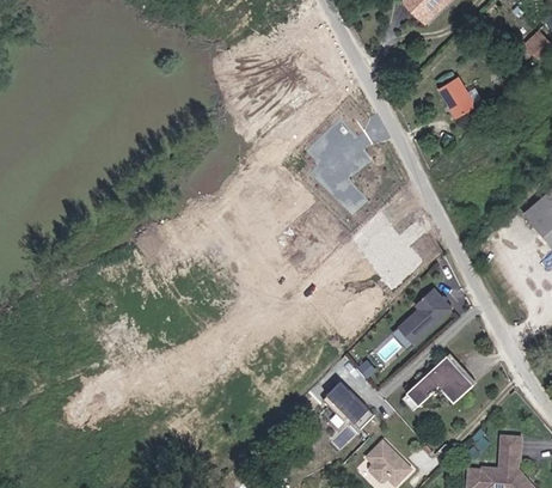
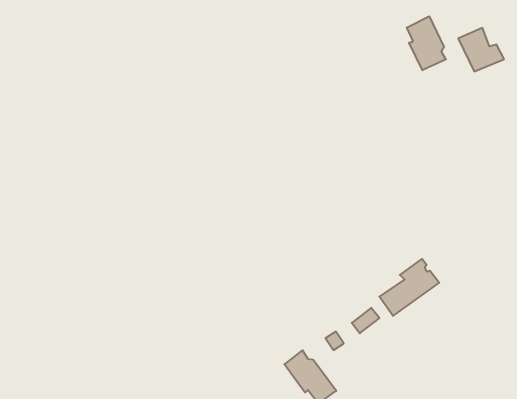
building: none -> [407,16,446,70]
building: [407,358,472,407] -> none

